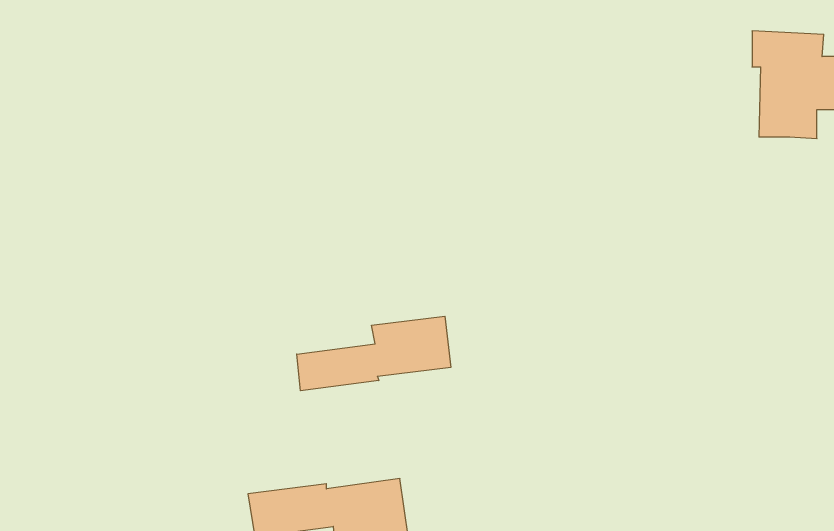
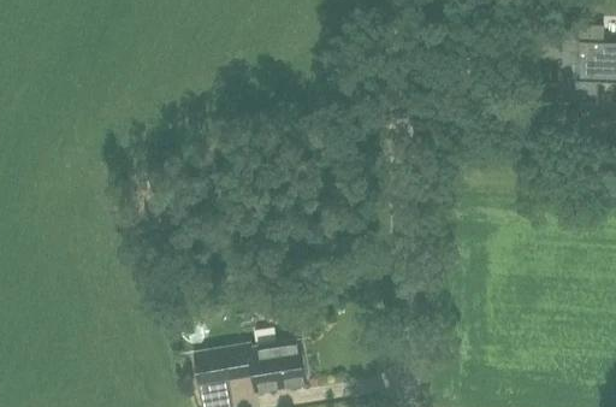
building: [297,316,451,391] -> none

